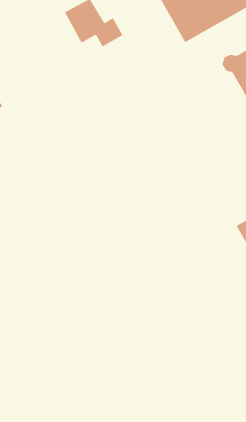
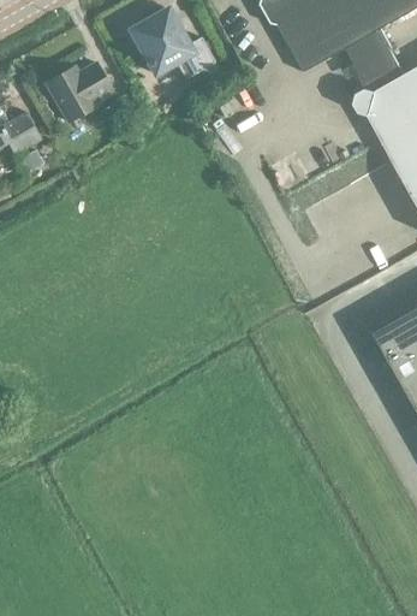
building: none -> [46,63,112,122]

